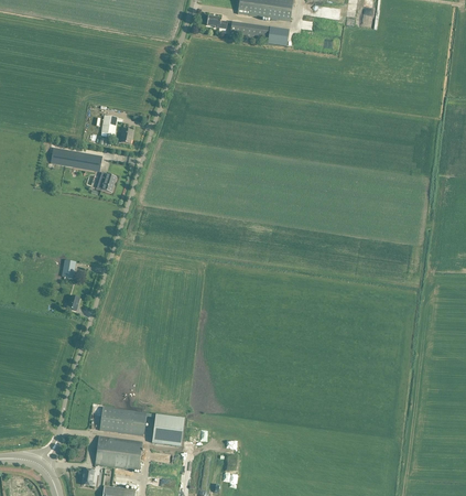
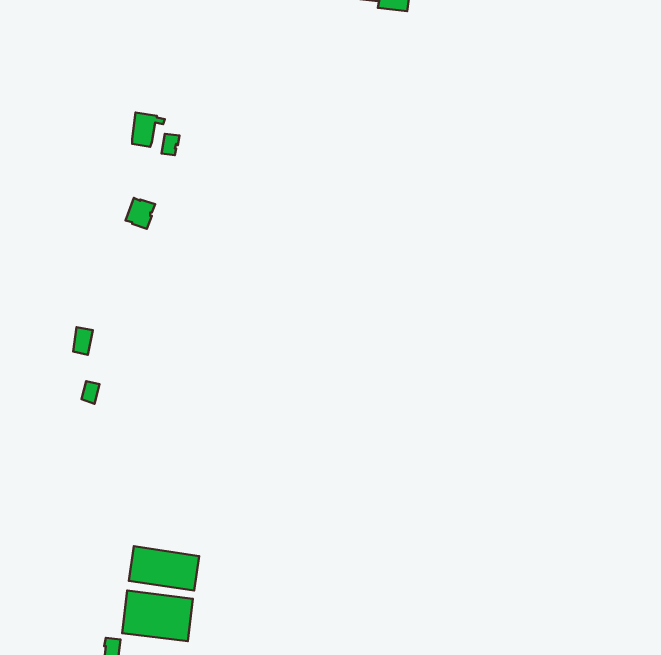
building: [51,147,102,171] -> none
building: [152,413,184,445] -> none

